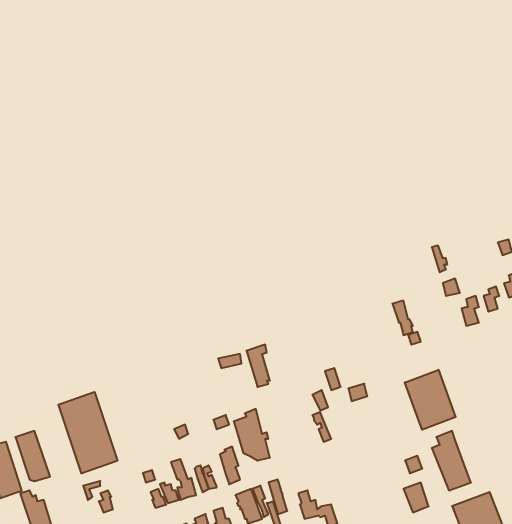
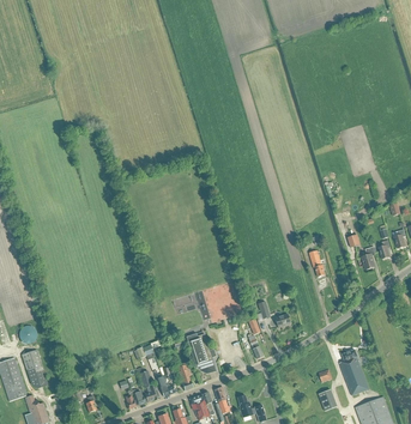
building: [405,370,456,430] -> none
building: [58,392,117,473] -> none

